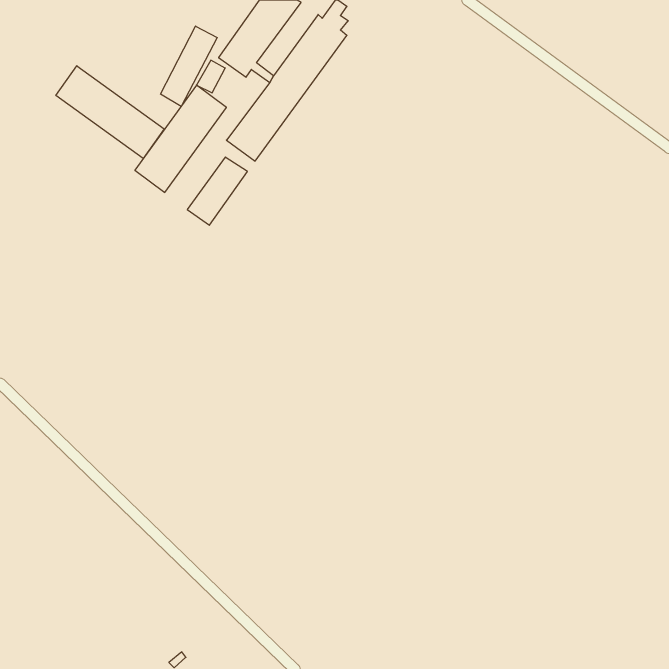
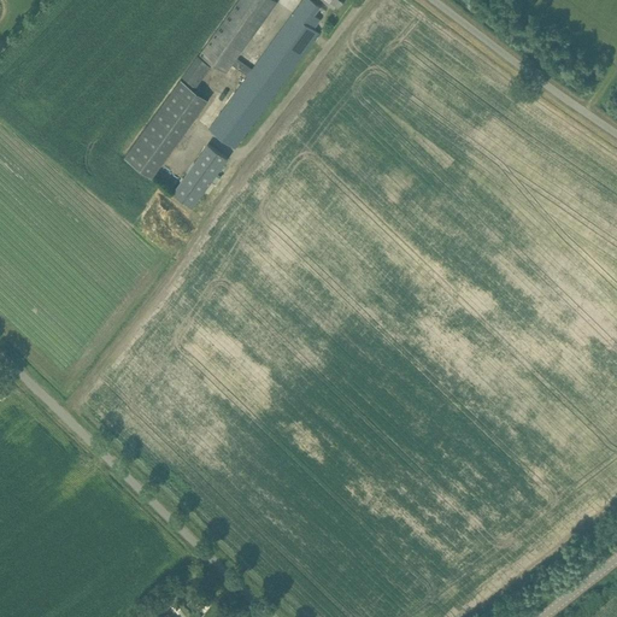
building: [161,26,217,106] -> none
building: [56,66,164,159] -> none

